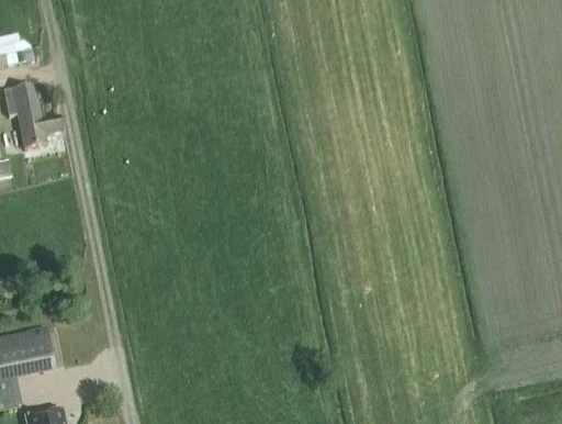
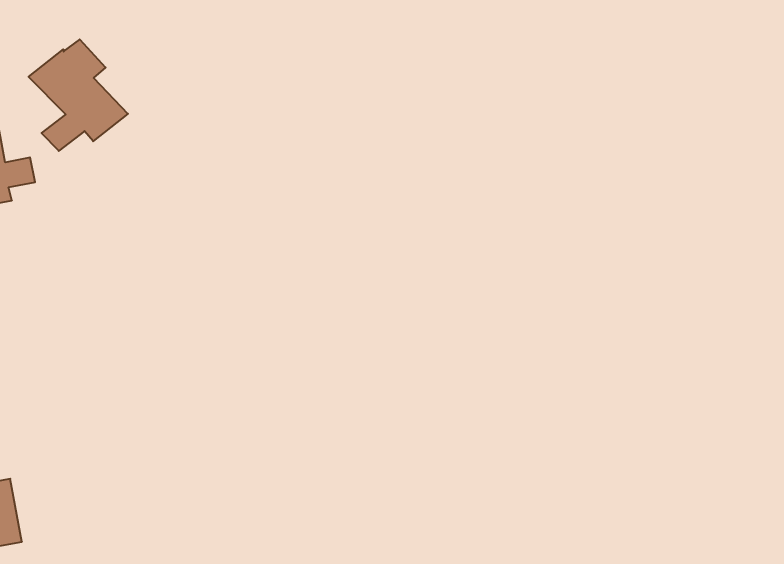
building: none -> [29,39,128,151]

